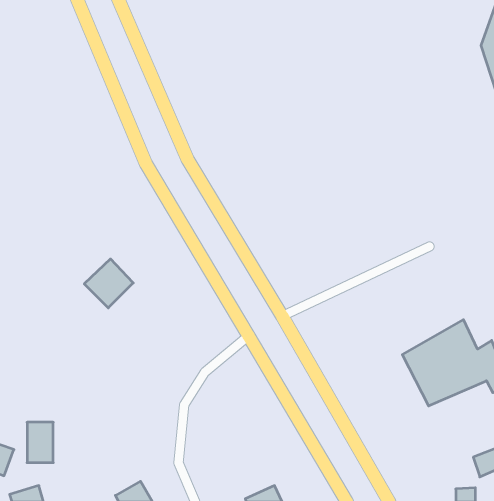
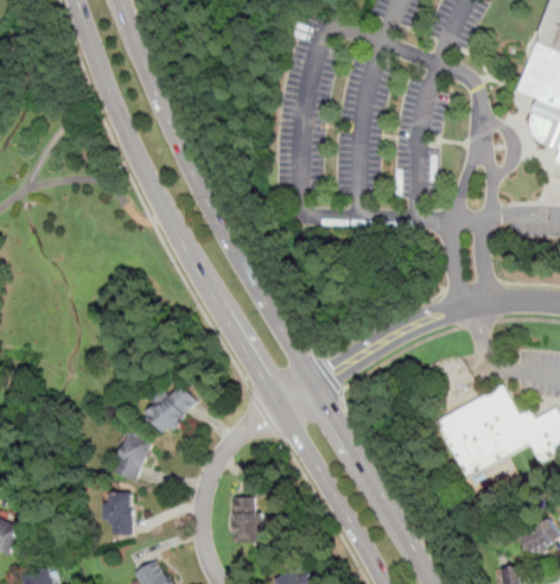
building: [84,259,133,308] -> [140,382,193,436]
building: none -> [112,432,152,480]
building: [27,422,53,463] -> [104,493,133,537]
building: none -> [233,496,262,542]

